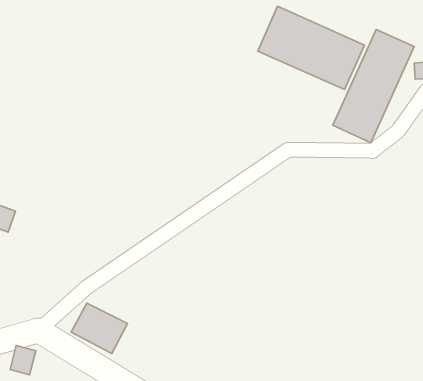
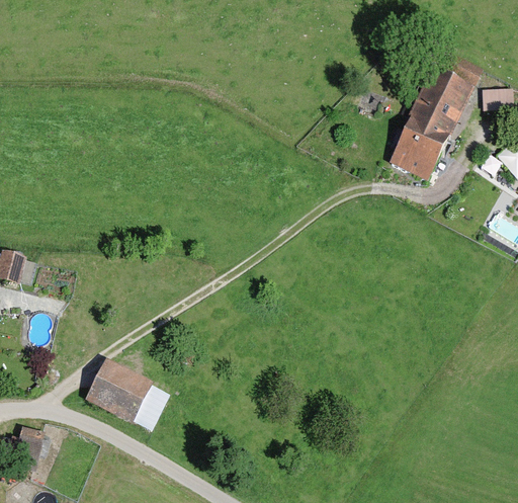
building: [258,6,365,90] -> none

